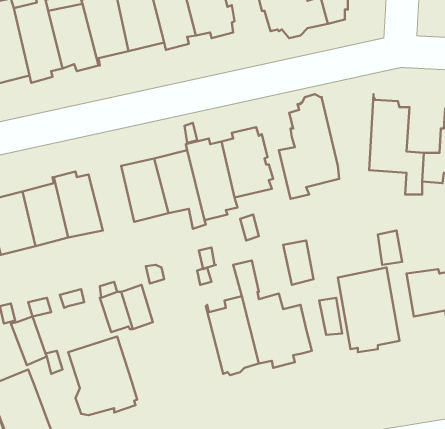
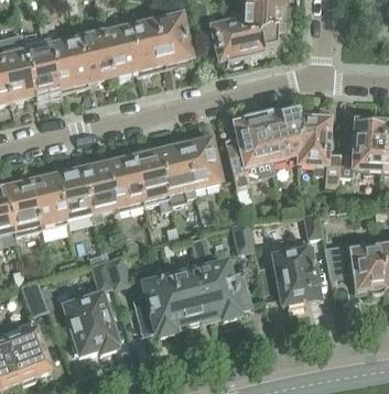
building: none -> [261,106,301,165]
building: none -> [82,157,117,219]
building: none -> [133,270,185,333]

